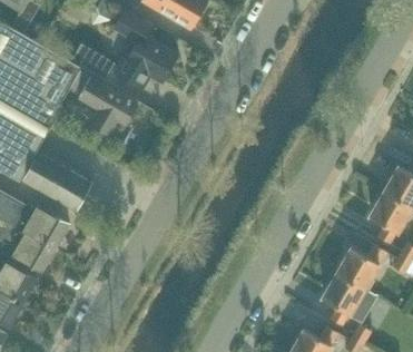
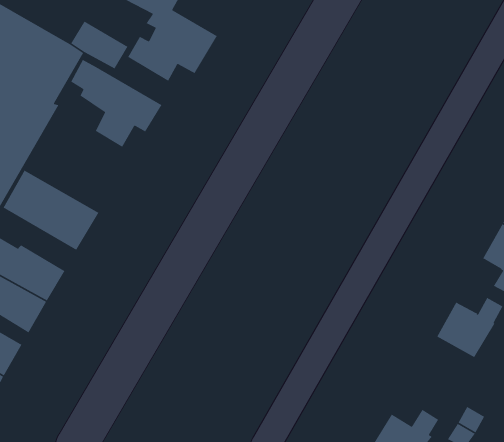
building: [322,274,375,326] -> none

